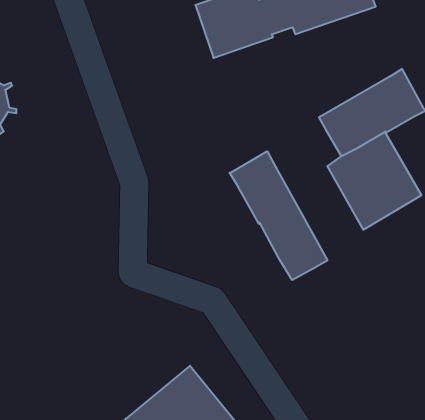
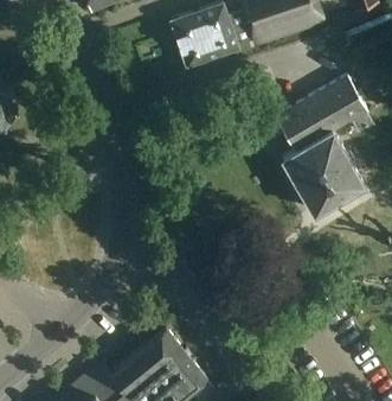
building: [230,151,328,280] -> none

